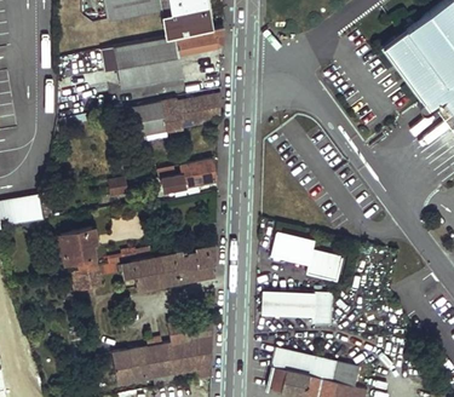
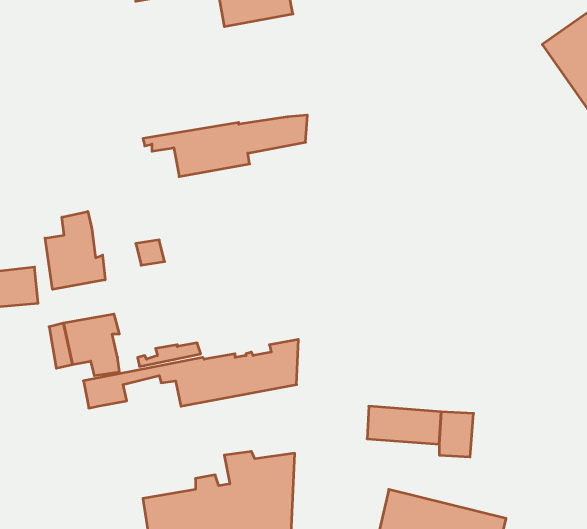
building: [102,27,225,90] -> none
building: [159,160,217,192] -> none
building: none -> [45,211,105,289]
building: [271,234,343,281] -> none

